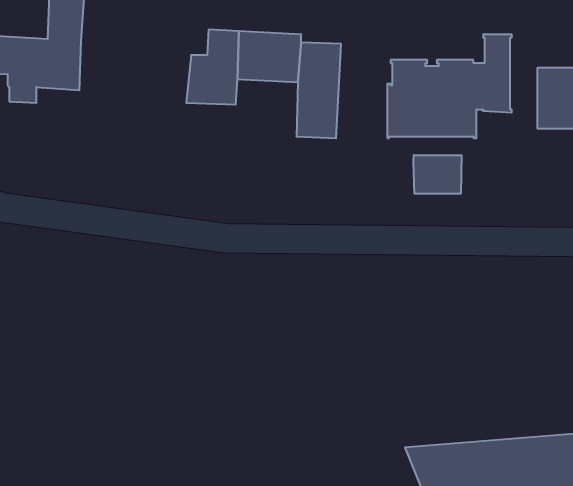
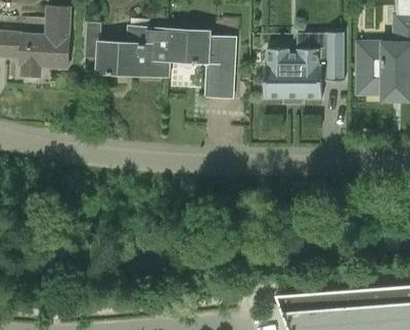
building: none -> [84,22,149,76]
building: [413,155,461,194] -> none

